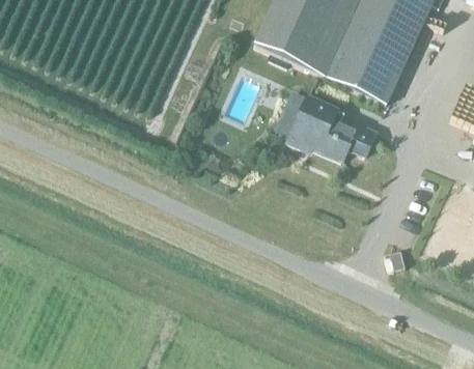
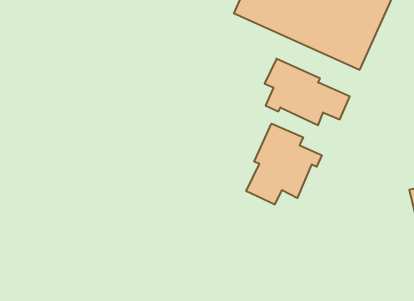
building: none -> [246,124,322,205]

